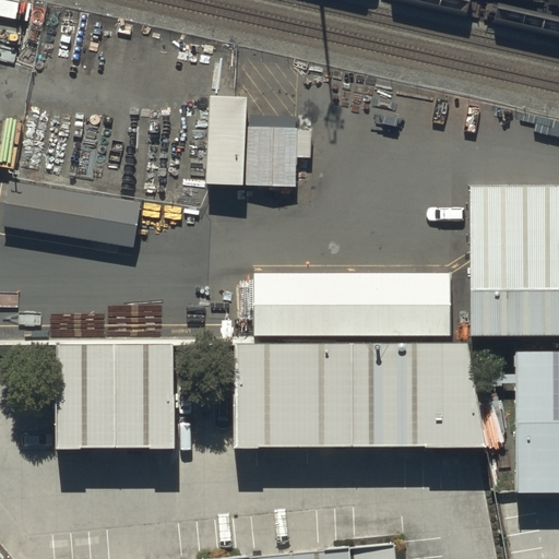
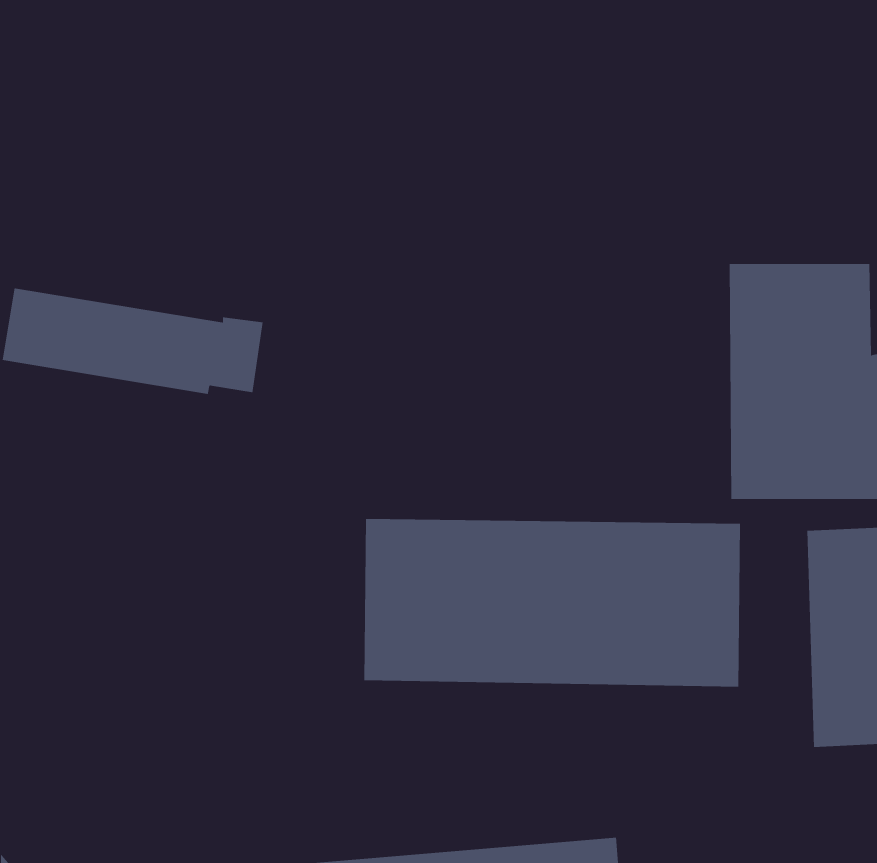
building: [207,109,312,199] -> none
building: [253,274,449,336] -> none
building: [56,343,182,444] -> none

